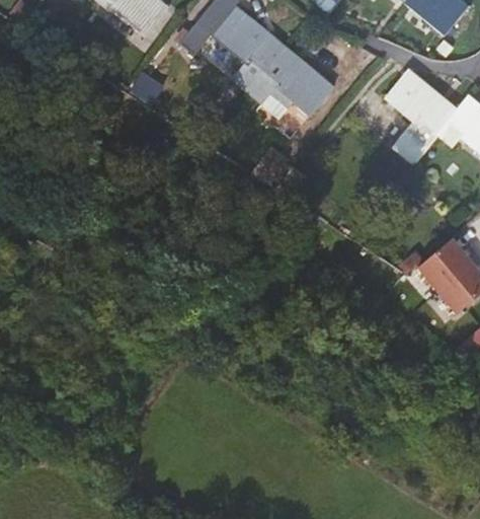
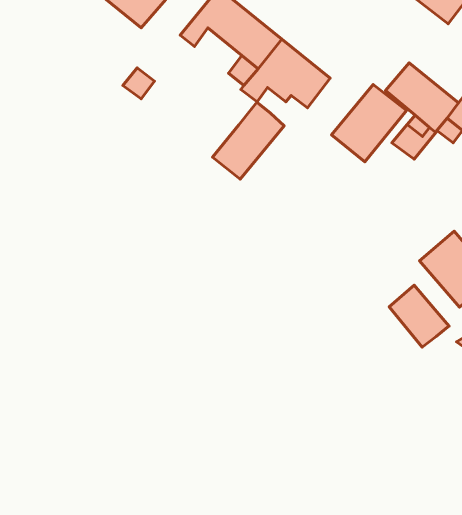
building: none -> [332,84,406,162]
building: none -> [212,102,284,179]
building: none -> [389,285,449,347]

